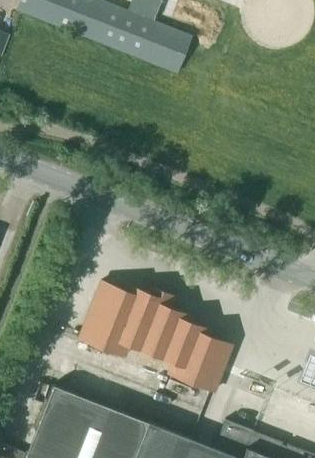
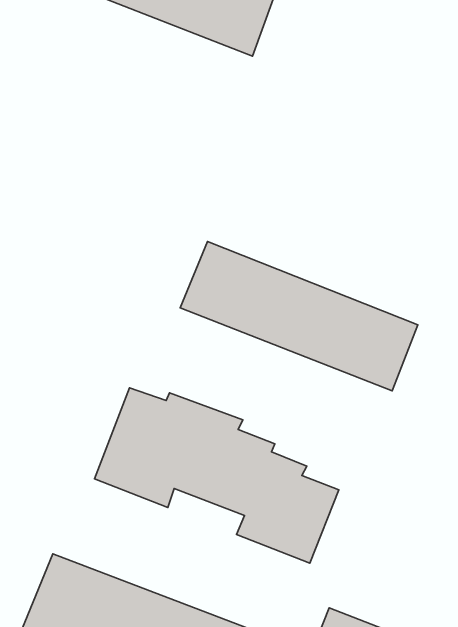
building: none -> [180,241,418,391]

